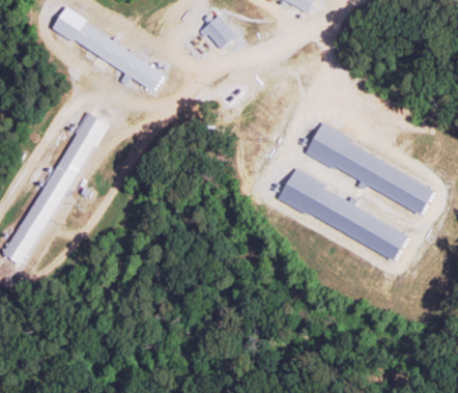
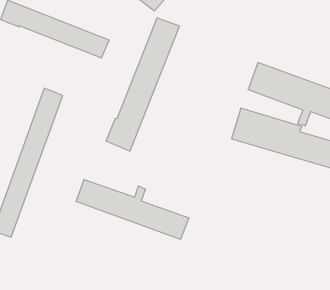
building: none -> [106,18,179,151]
building: none -> [76,179,189,239]

